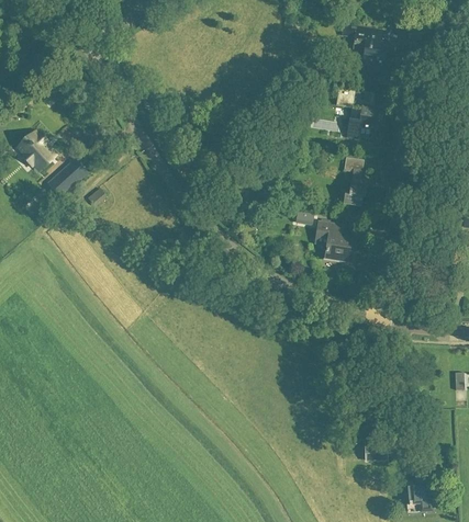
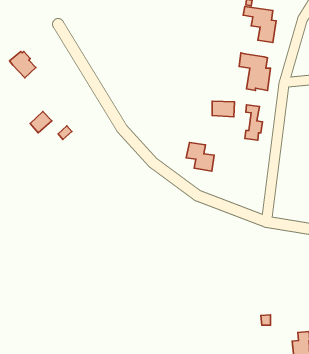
building: [18,132,54,168] -> [9,51,36,78]
building: none -> [212,101,235,117]
building: [314,223,353,262] -> [186,142,214,171]

